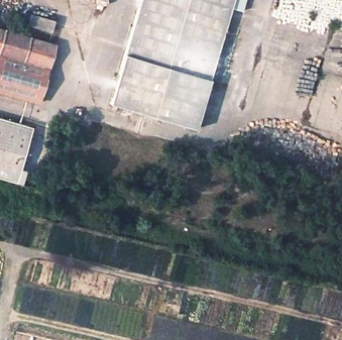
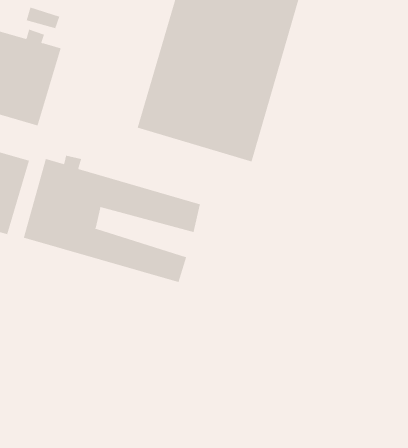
building: none -> [23,155,201,283]

